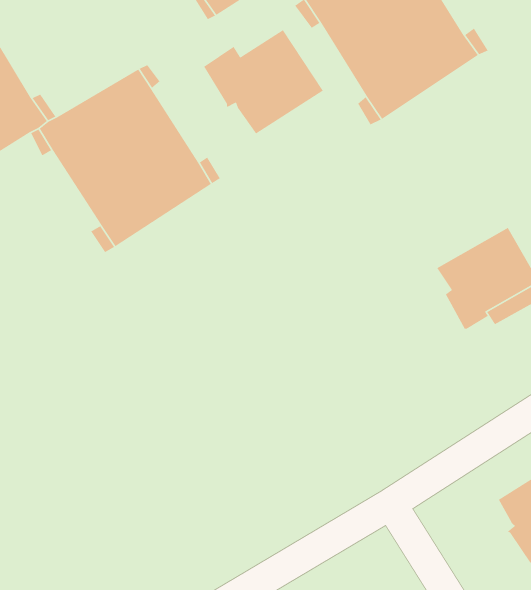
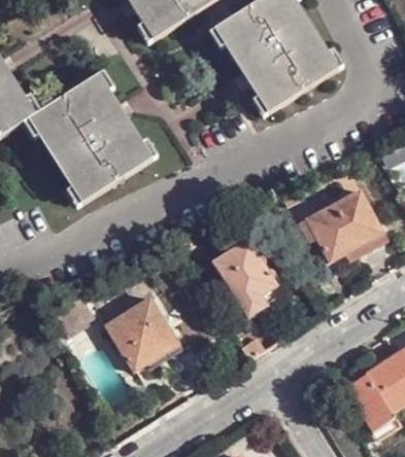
building: [203,29,324,134] -> none
building: none -> [216,241,283,317]
building: none -> [105,296,179,370]

